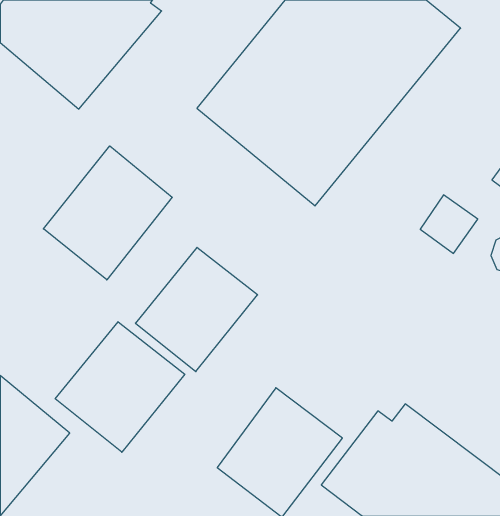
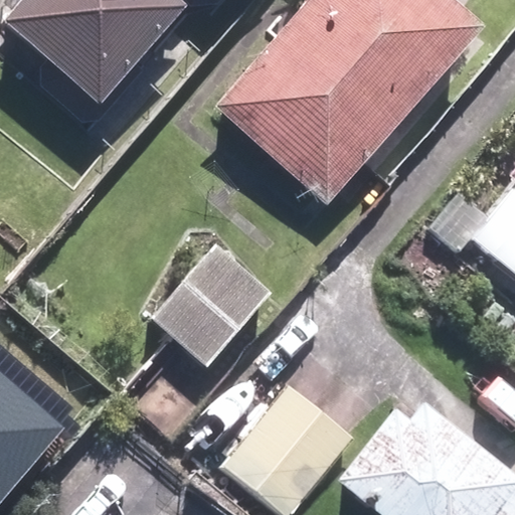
building: [43,146,172,280] -> none
building: [55,322,185,452] -> none

